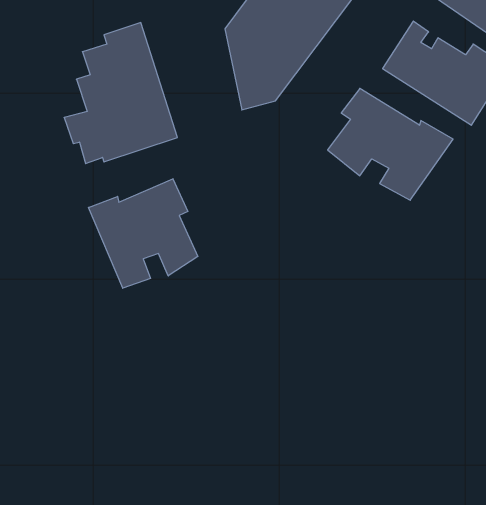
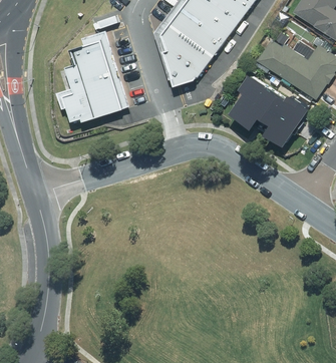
building: [89,179,198,288] -> none

